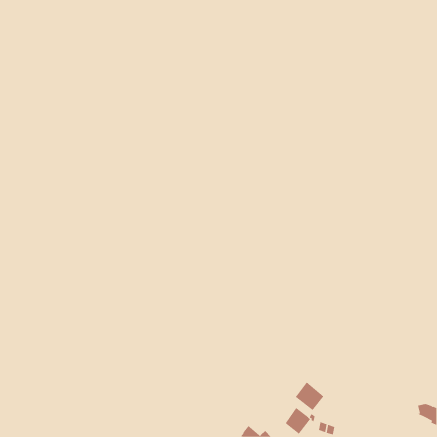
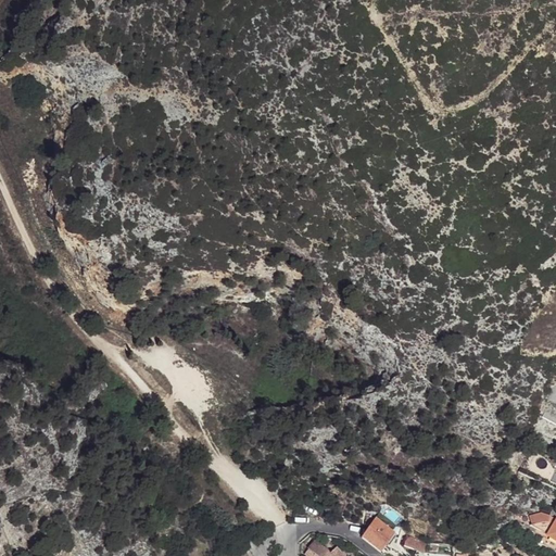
building: [295,381,324,411] -> none

